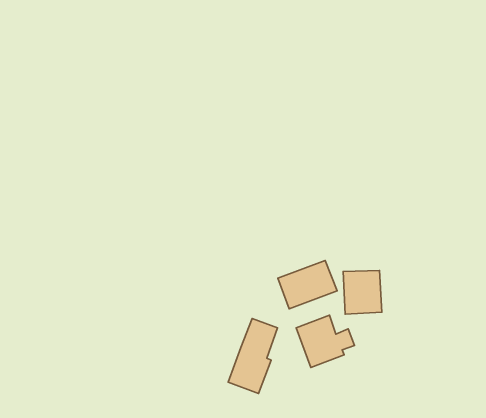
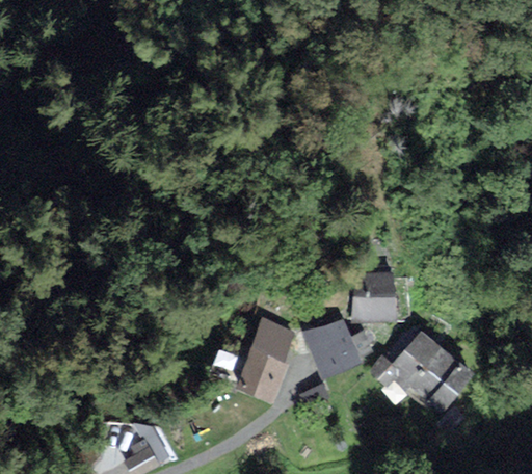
building: [278,260,337,309] -> none
building: none -> [369,333,469,407]

